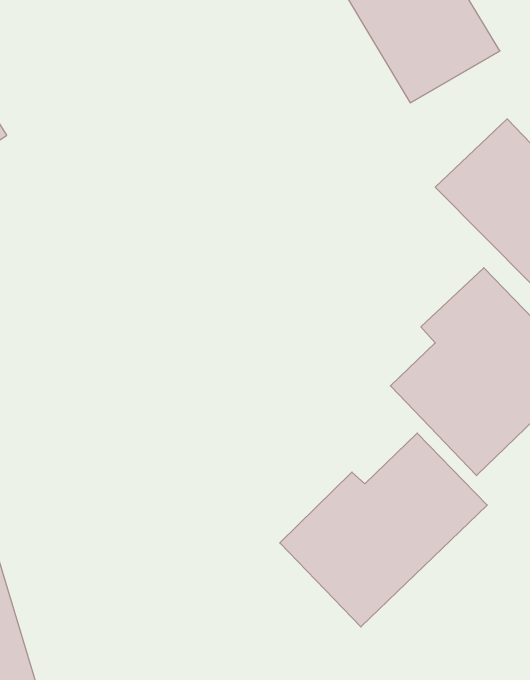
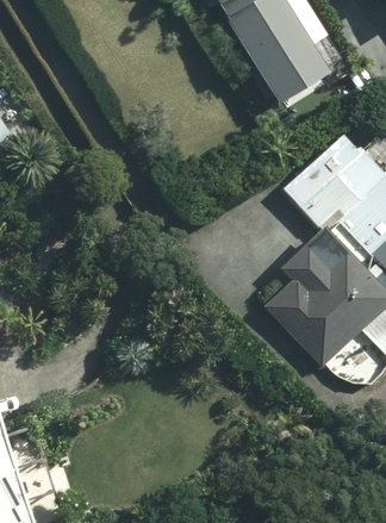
building: [280,433,487,627] -> none

